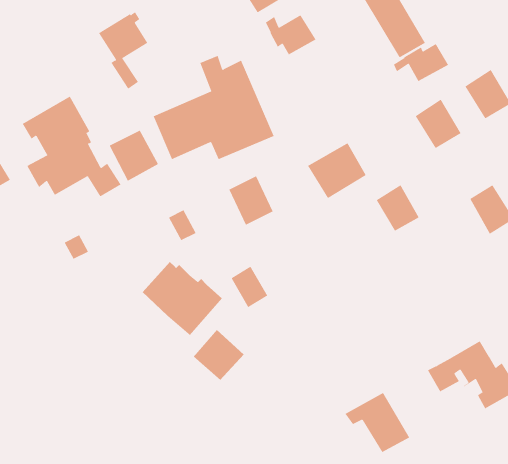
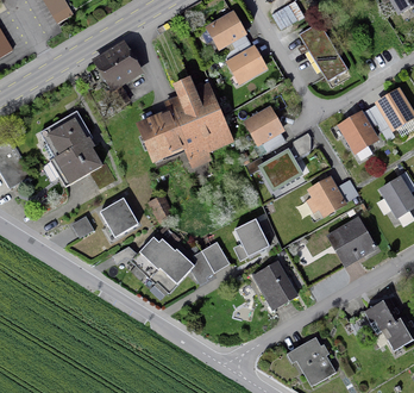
building: [393,43,449,82] -> none
building: none -> [245,110,281,143]
building: [109,130,159,181] -> [100,198,138,237]
building: [228,176,274,225] -> [232,218,266,256]
building: none -> [331,218,375,263]
building: none -> [257,262,296,310]
building: [193,329,244,381] -> none

